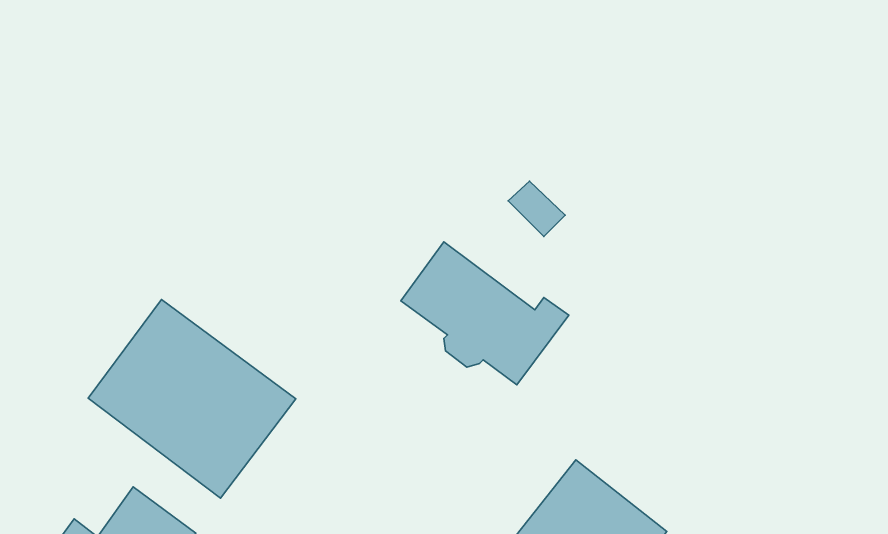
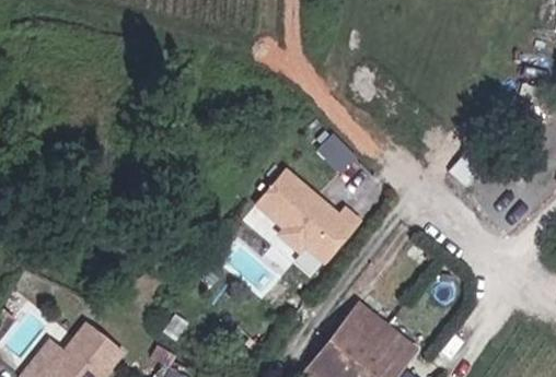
building: [88,300,296,498] -> none

